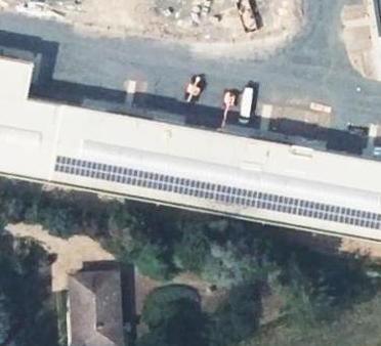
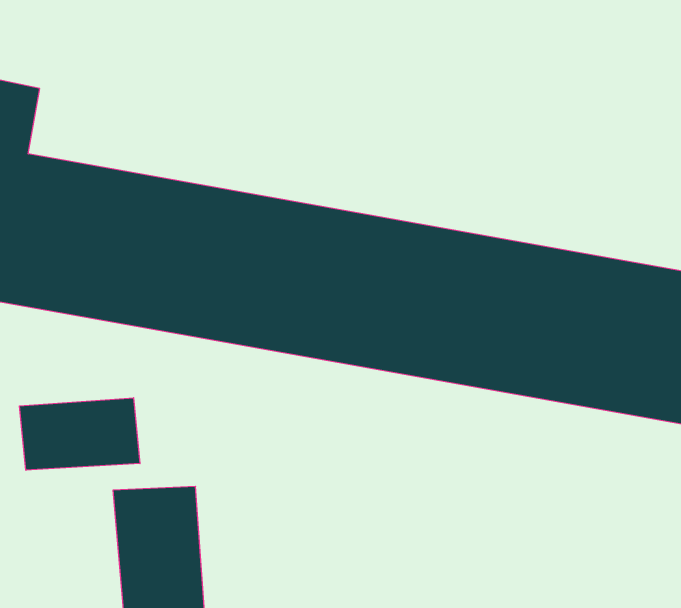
building: none -> [20,398,140,470]

